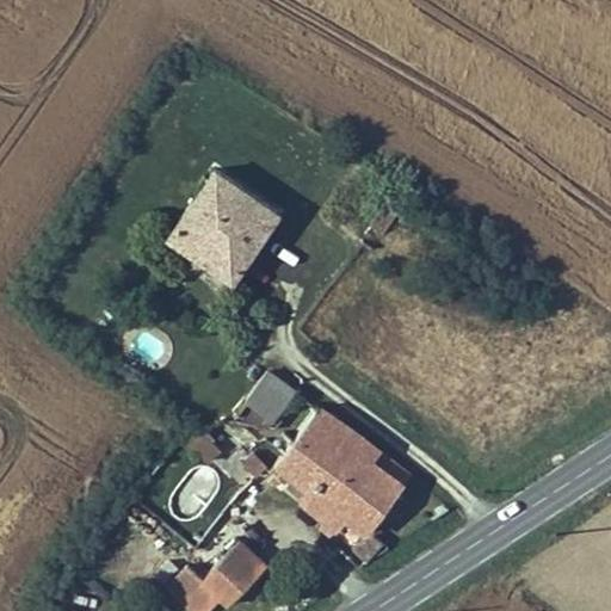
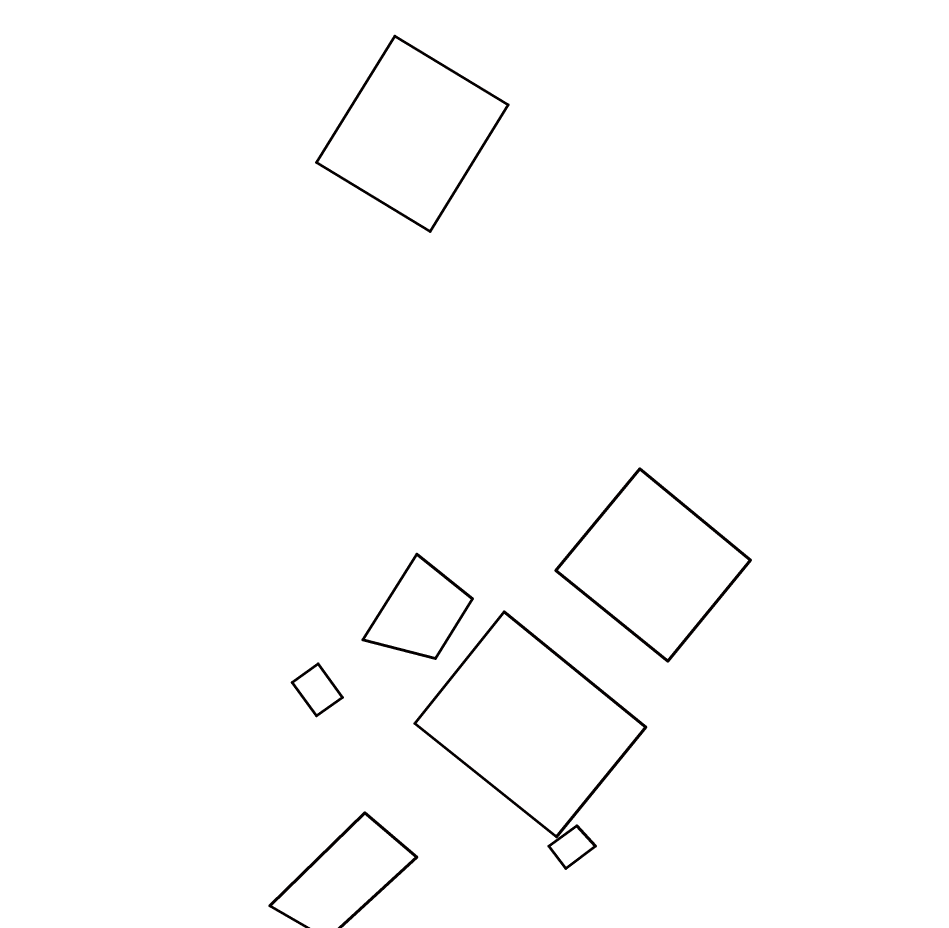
building: [162,165,285,290] -> [317,36,508,231]
building: none -> [556,469,750,661]

